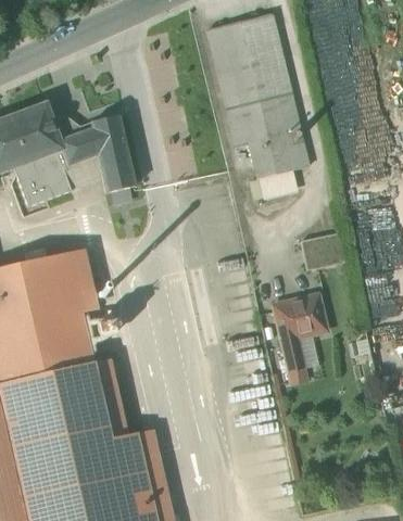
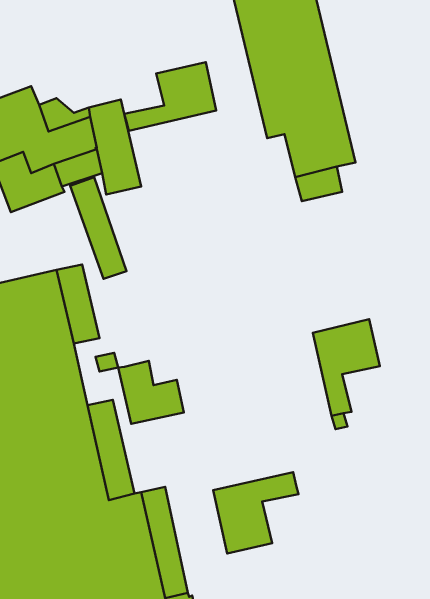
building: none -> [124,62,216,131]
building: none -> [70,177,127,279]
building: [301,233,344,270] -> none
building: none -> [118,361,184,424]
building: none -> [213,472,299,553]

